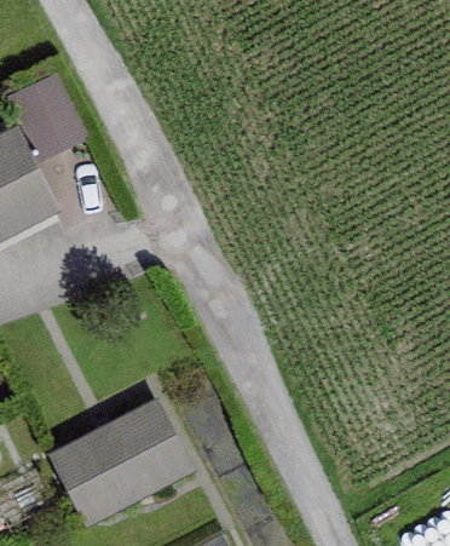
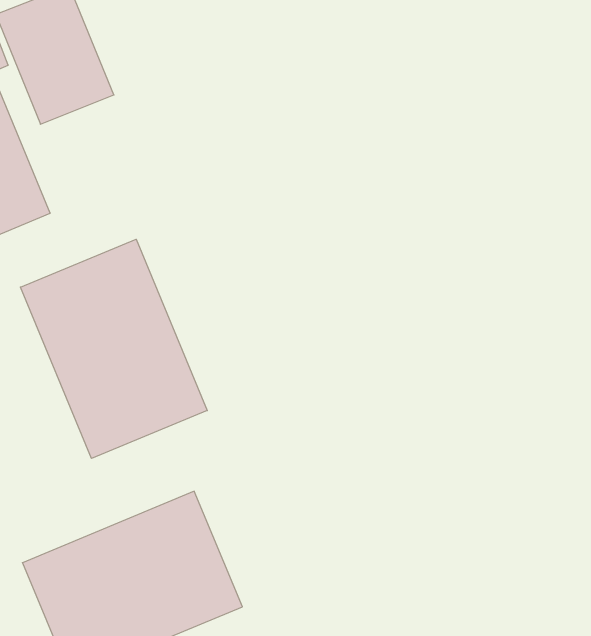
building: none -> [20,239,207,458]

